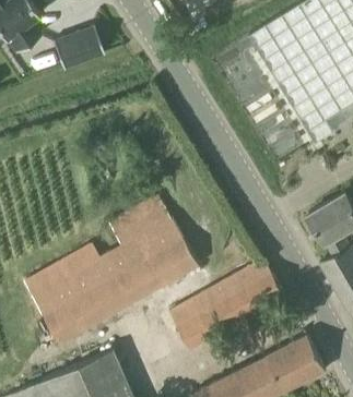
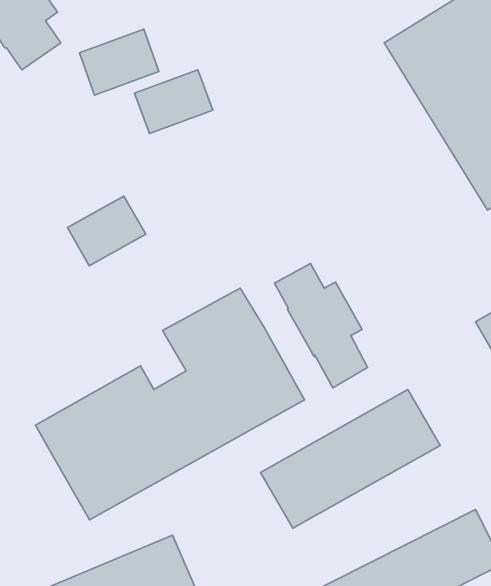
building: none -> [134,70,213,134]
building: none -> [68,196,146,266]
building: none -> [274,263,367,388]

